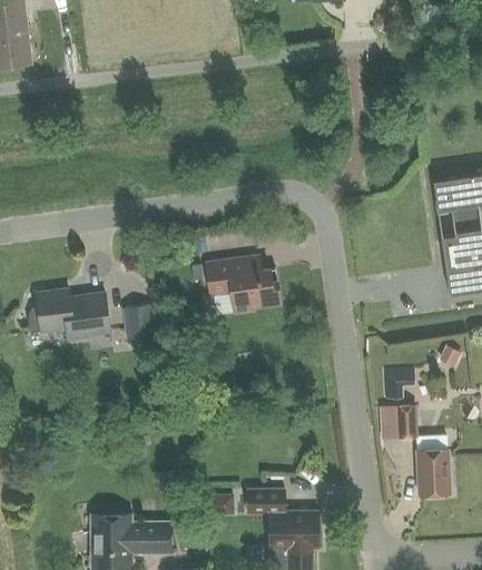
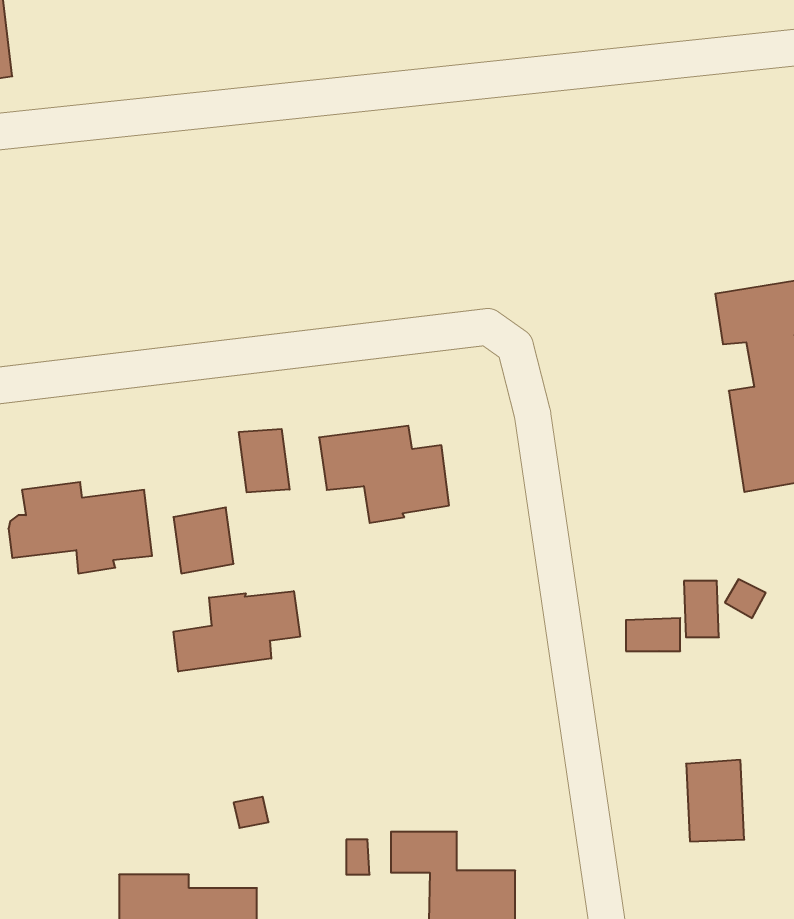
building: none -> [239,429,290,492]
building: none -> [174,591,300,672]
building: [396,406,416,439] -> [684,581,719,637]

